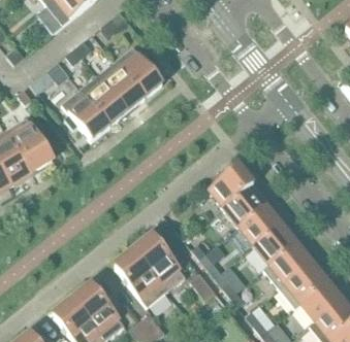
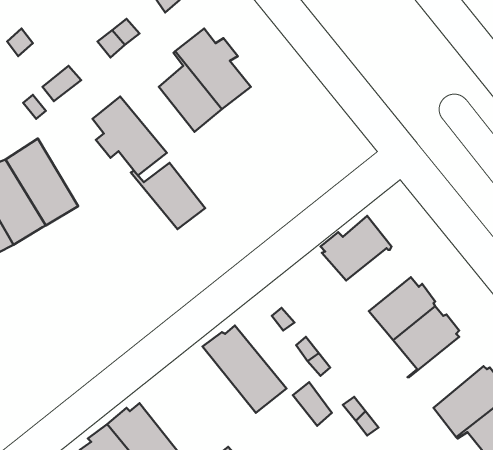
building: [79,81,127,124] -> [131,163,205,229]
building: [224,184,266,225] -> none
building: [264,241,312,286] -> none
building: [115,247,166,305] -> none

